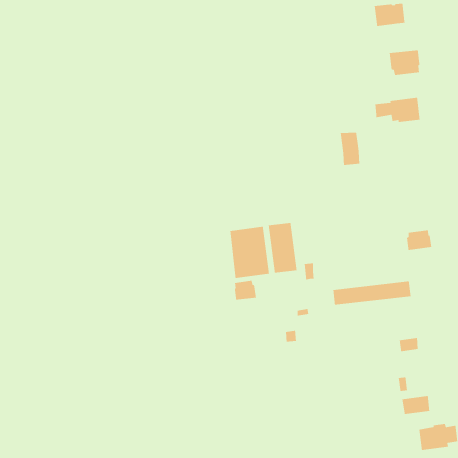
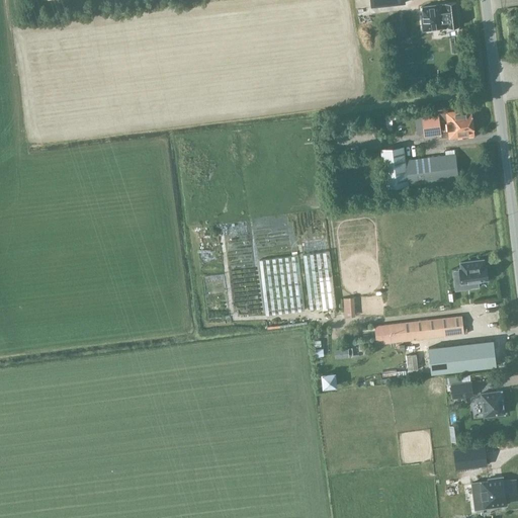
building: [389,49,421,76] -> none
building: none -> [406,155,459,186]
building: [234,280,257,301] -> none
building: none -> [427,341,497,373]
building: none -> [480,390,505,417]

